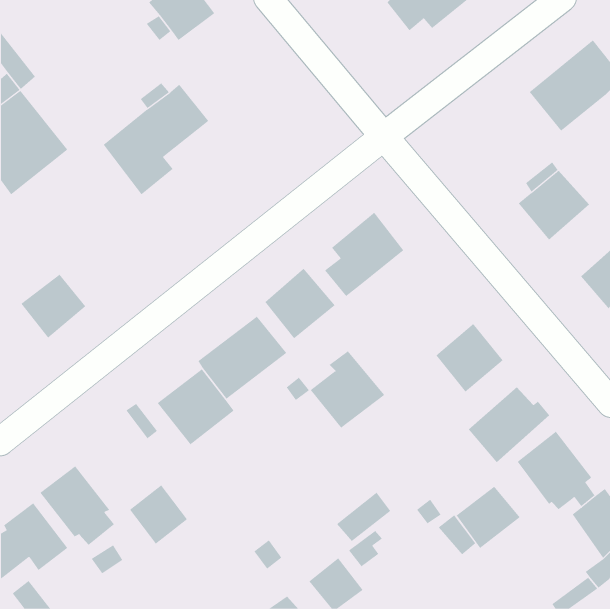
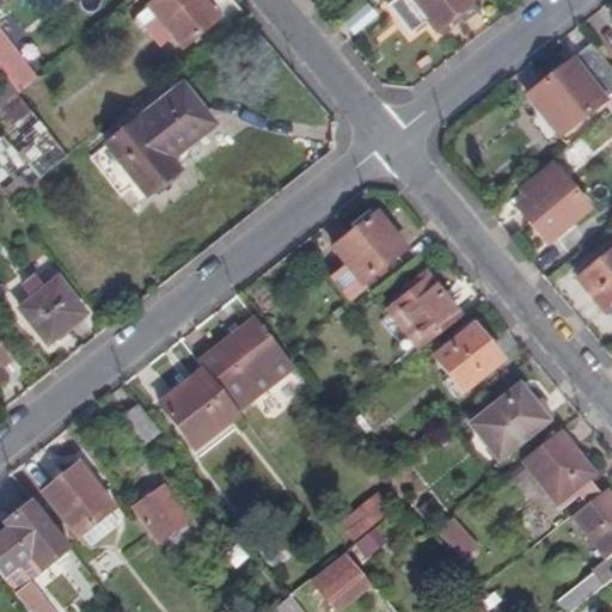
building: [264,268,336,339] -> none
building: [310,351,385,428] -> [387,273,463,350]
building: [456,486,520,549] -> none

